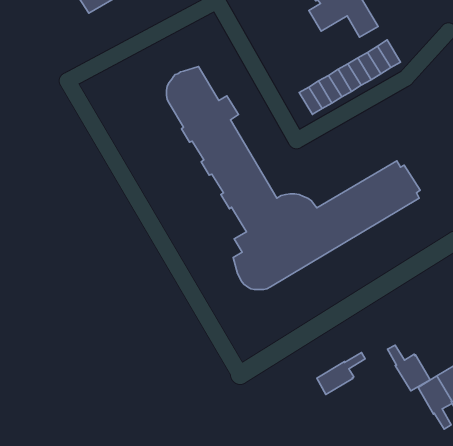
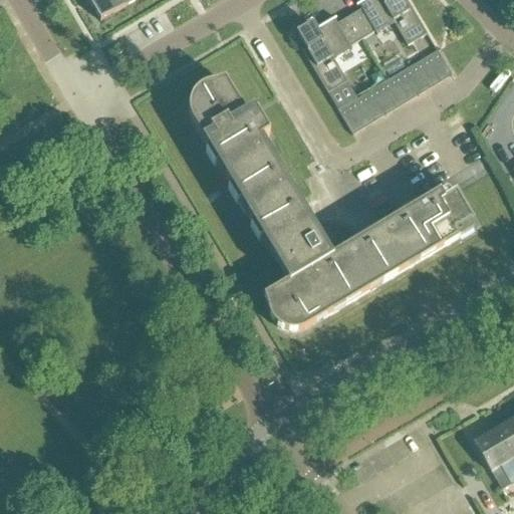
building: none -> [297,12,364,88]
building: [388,345,430,391] -> none
building: [317,353,365,394] -> none

